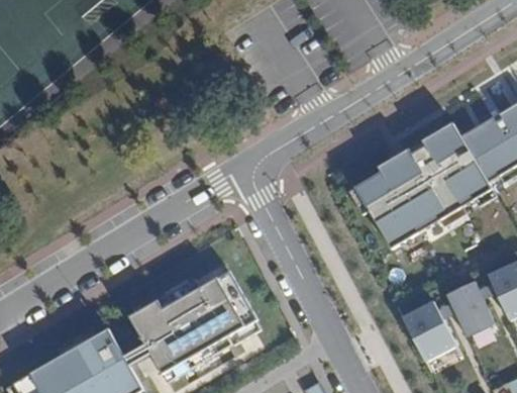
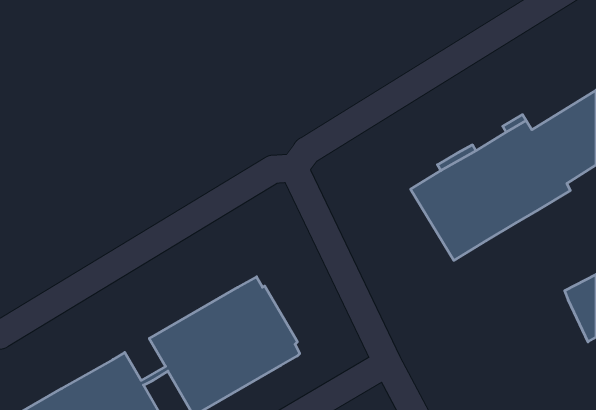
building: [447,280,495,335] -> none
building: [402,300,457,360] -> none

